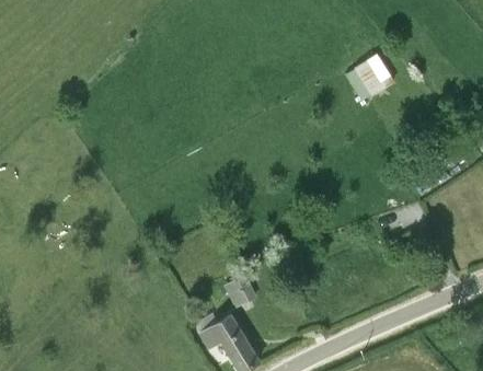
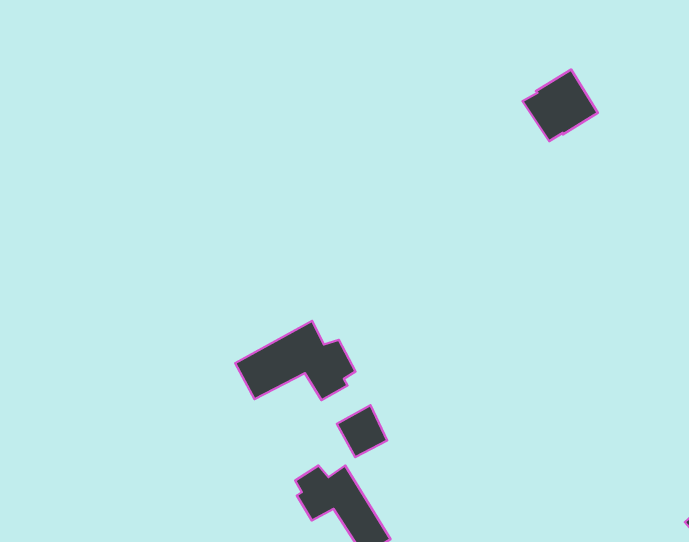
building: none -> [235,321,356,400]

